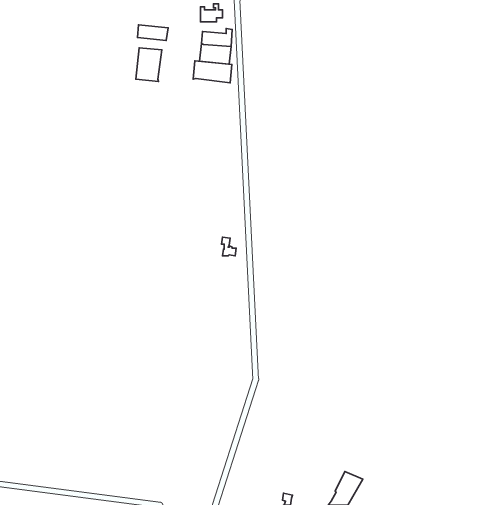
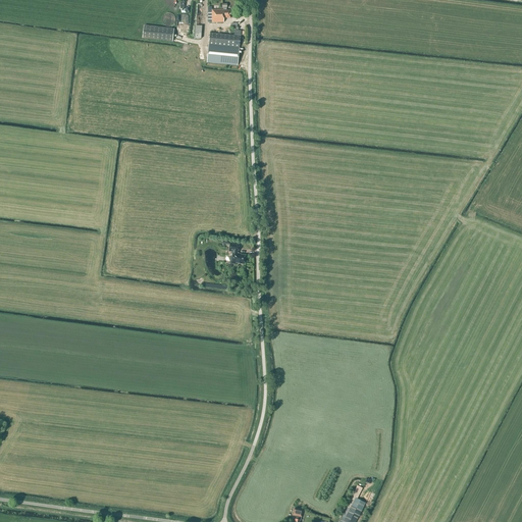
building: [136,48,162,81] -> none
building: [193,61,232,83] -> none

